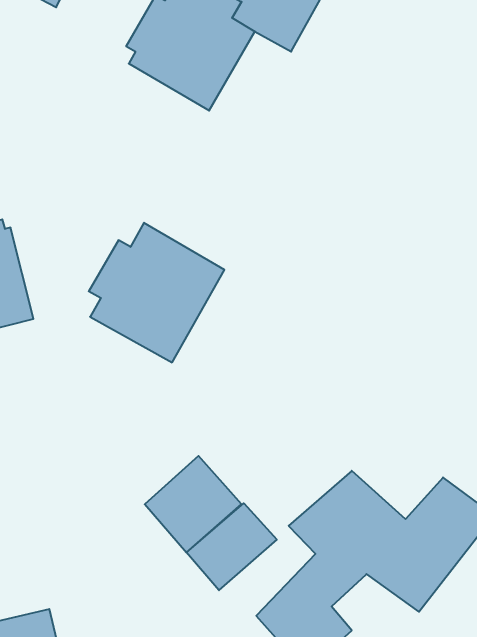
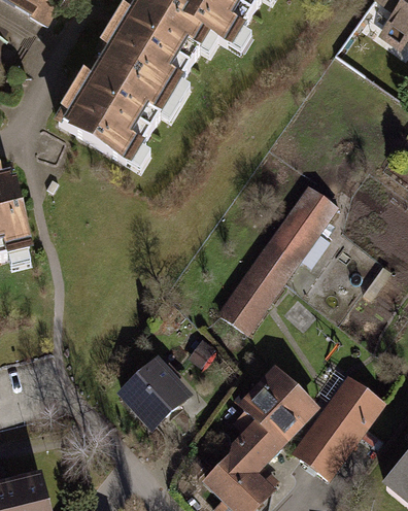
building: [89,223,224,362] -> [63,55,167,162]
building: none -> [218,184,340,332]
building: [186,503,277,590] -> none

